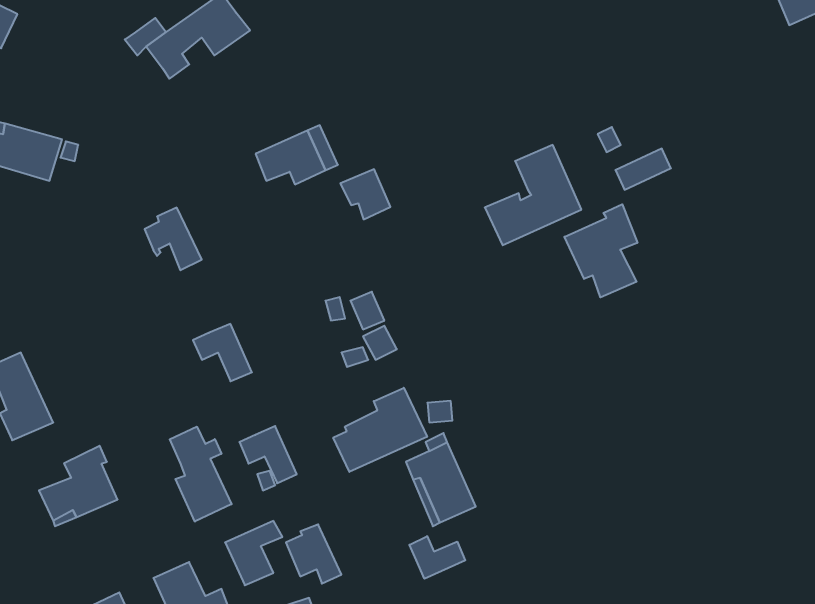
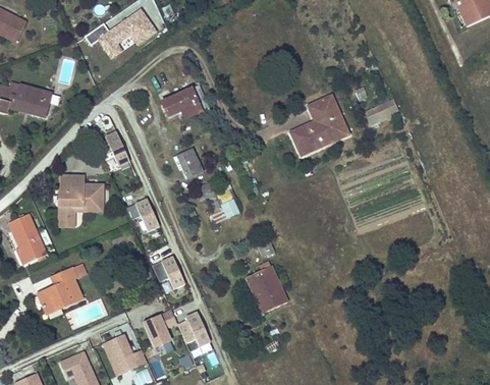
building: [340,169,390,219] -> [173,149,202,177]
building: [564,204,637,297] -> none
building: none -> [57,175,103,218]
building: [333,388,427,472] -> none
building: [170,427,232,522] -> none
building: [409,536,465,579] -> none

